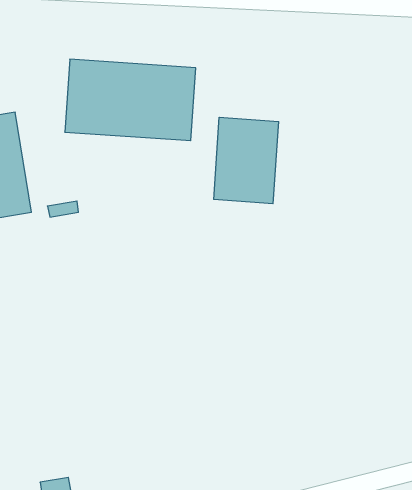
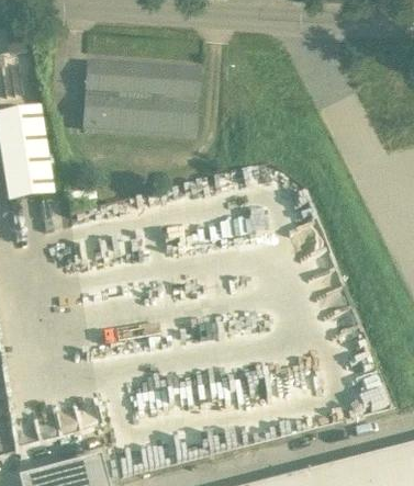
building: [214,117,279,204] -> none

